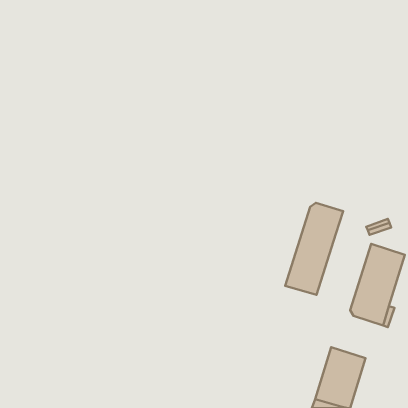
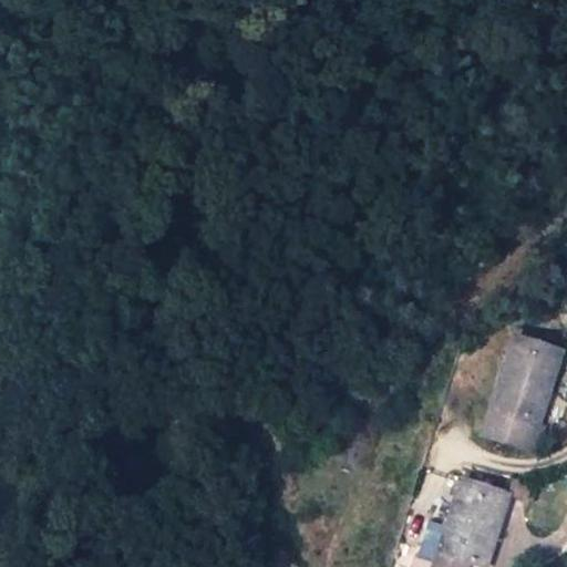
building: [285,203,343,295] -> none

